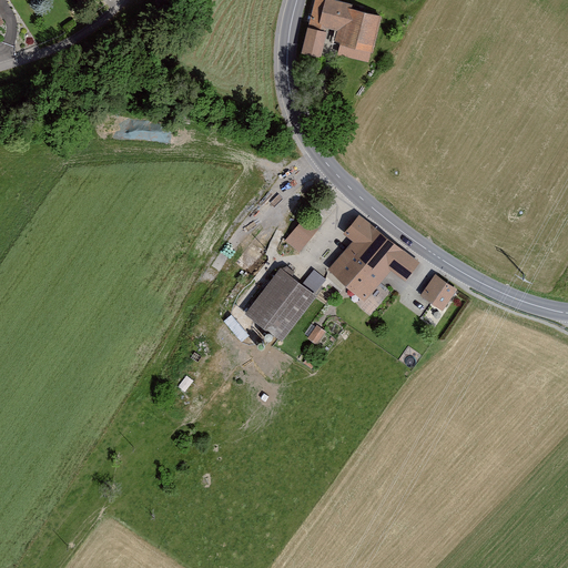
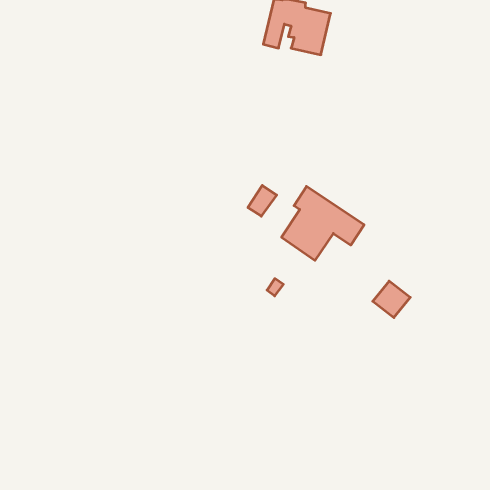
building: [240,267,314,345] -> none
building: [418,274,462,316] -> [373,281,410,318]

